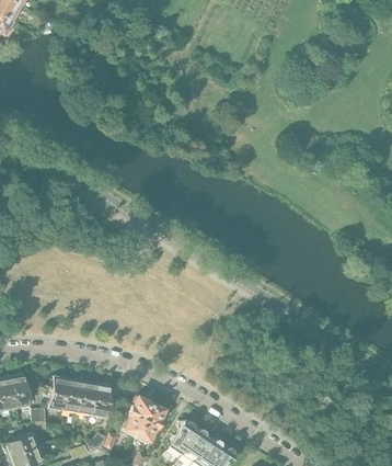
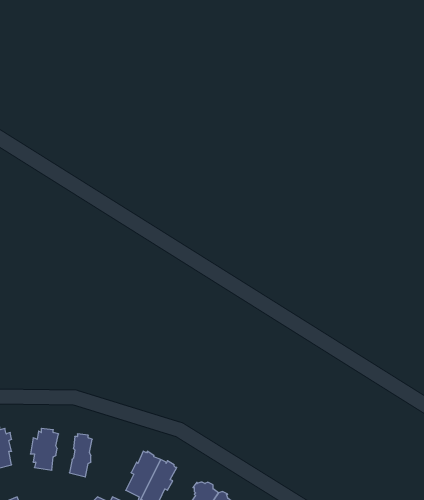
building: [62,378,81,412] -> none
building: [90,383,113,418] -> none

